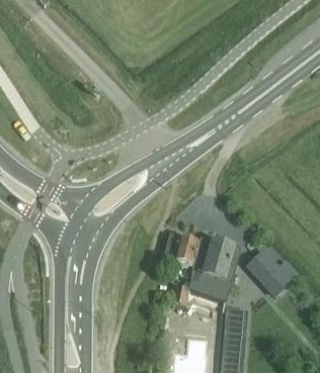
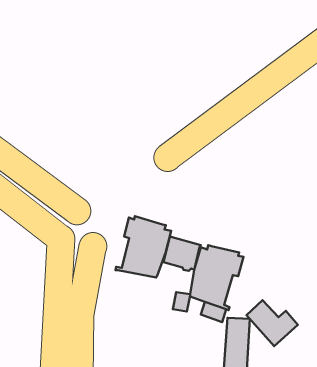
building: none -> [116,216,171,277]
building: [249,250,298,293] -> [247,300,298,346]

